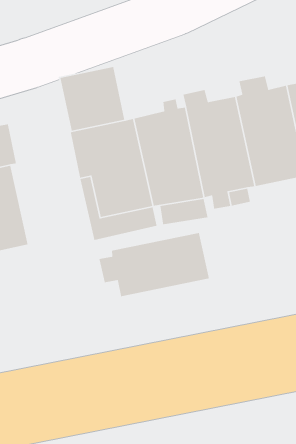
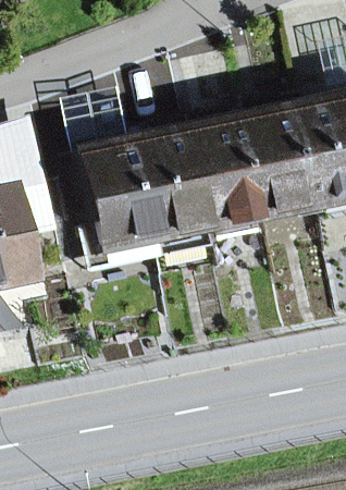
building: [98,232,210,297] -> none

